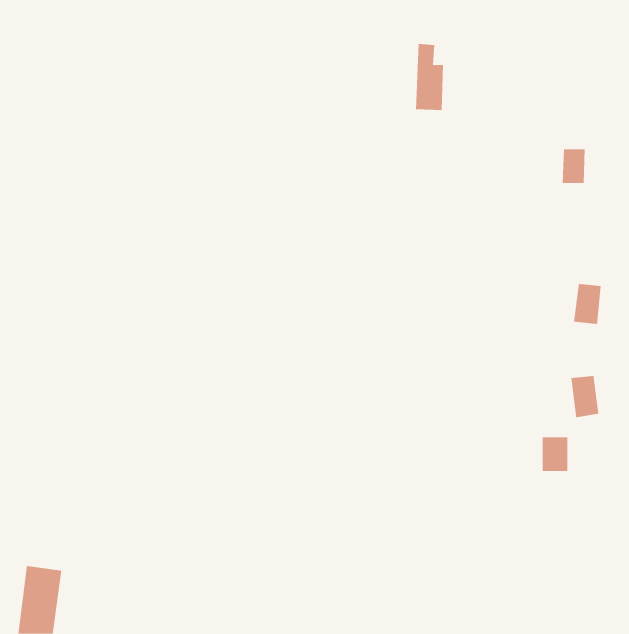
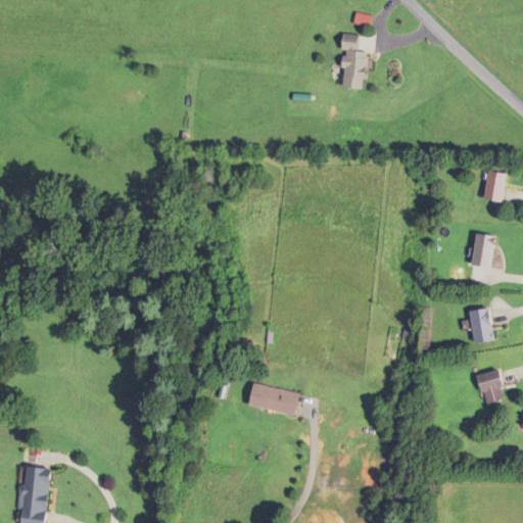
building: [562,149,586,184] -> [484,172,504,200]
building: [542,437,568,472] -> [479,373,501,401]
building: none -> [249,383,298,415]

